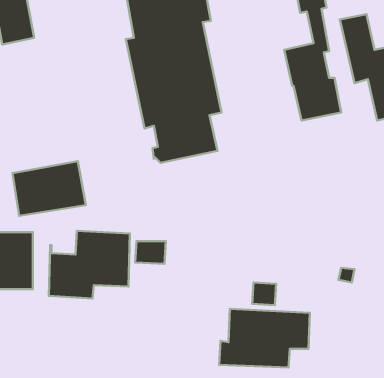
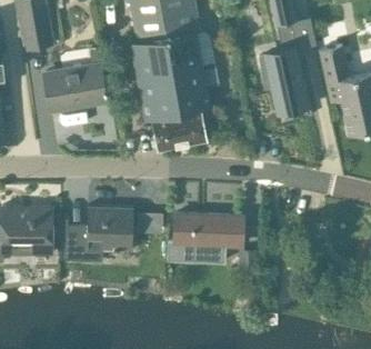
building: [13,161,86,216] -> [46,64,107,110]
building: [219,309,310,367] -> [168,213,243,262]

